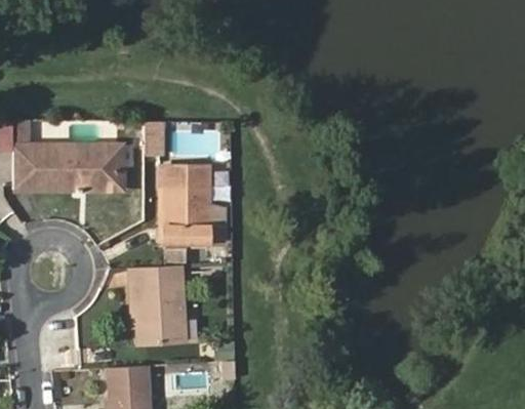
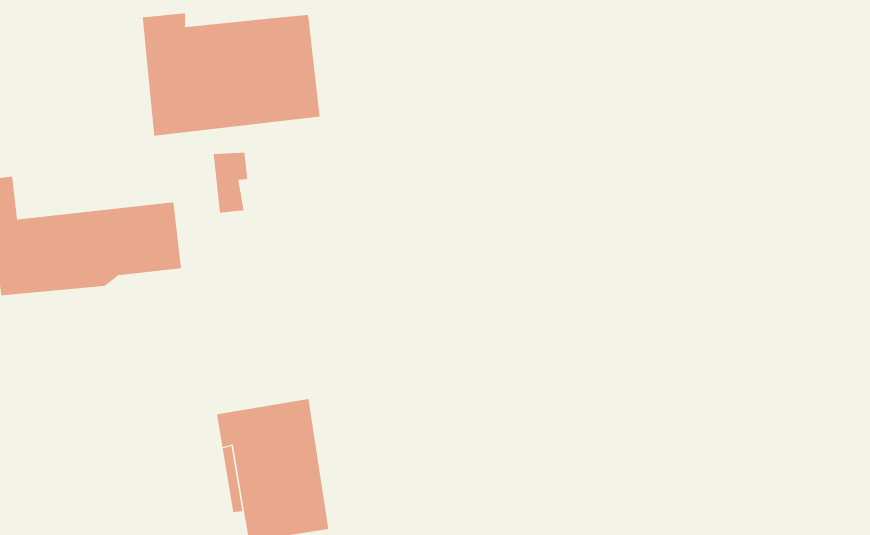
building: none -> [142,12,320,136]
building: [165,166,210,243] -> none

